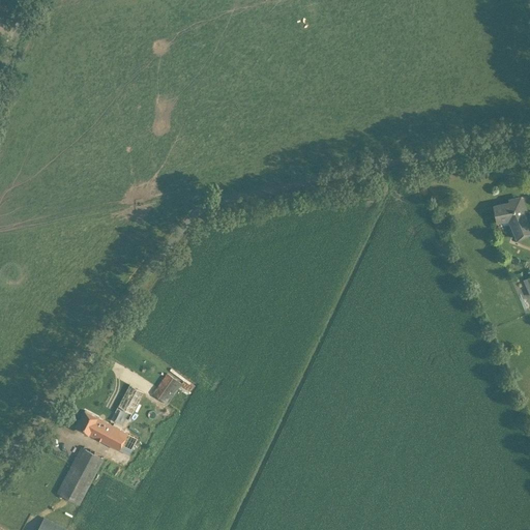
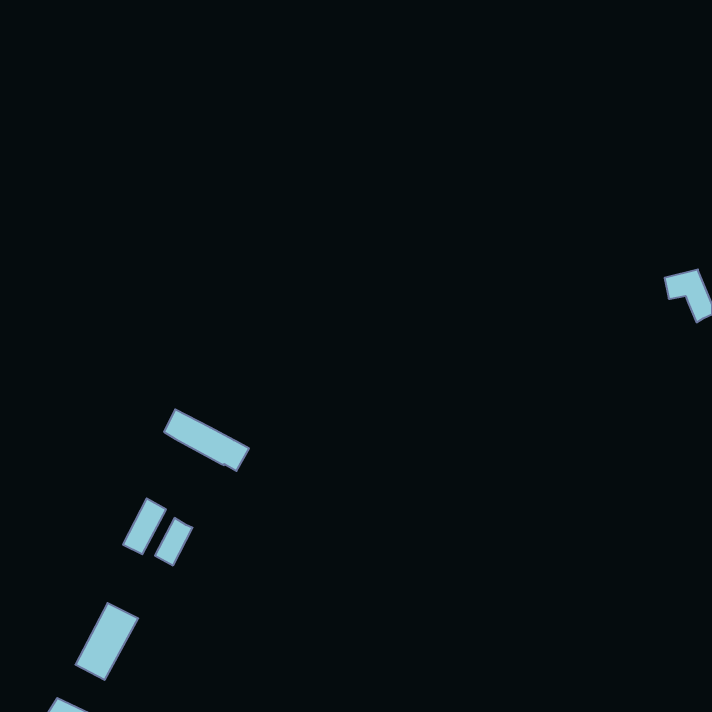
building: [152,375,180,405] -> none
building: [76,411,139,457] -> [164,409,249,471]

